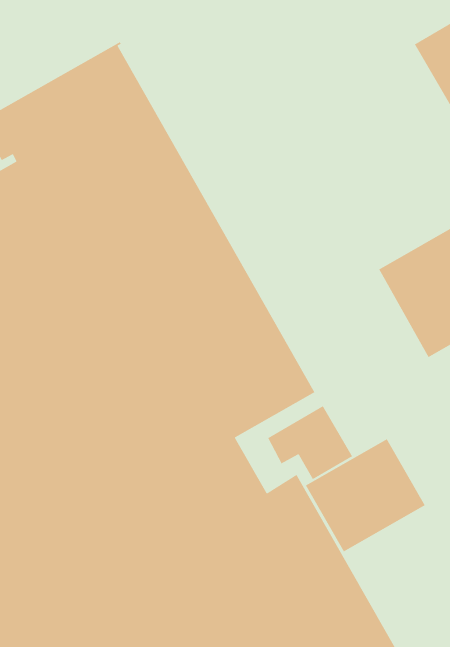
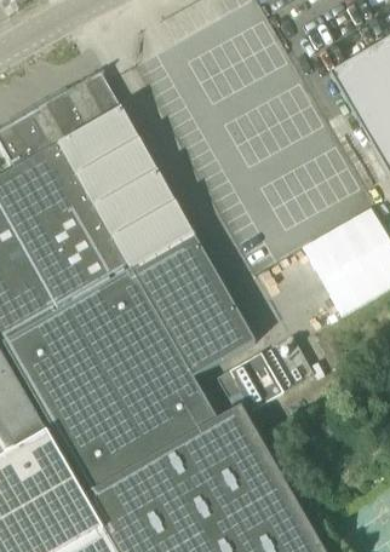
building: [305,438,426,552] -> none

